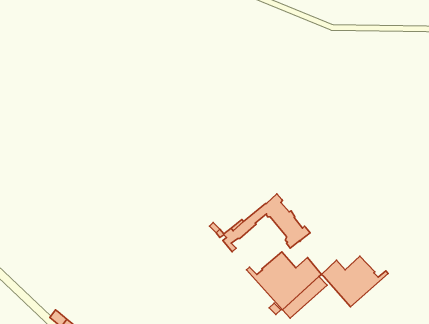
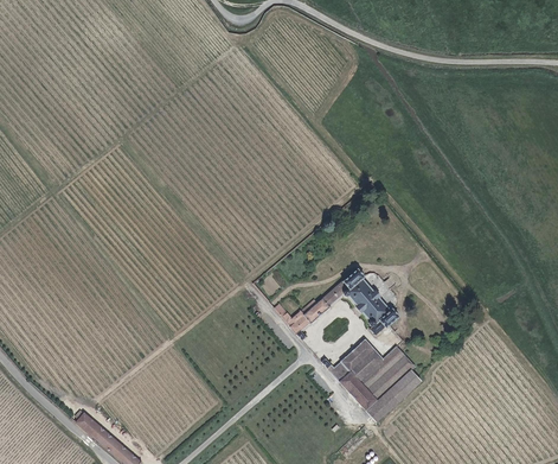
building: [322,256,388,307] -> none

